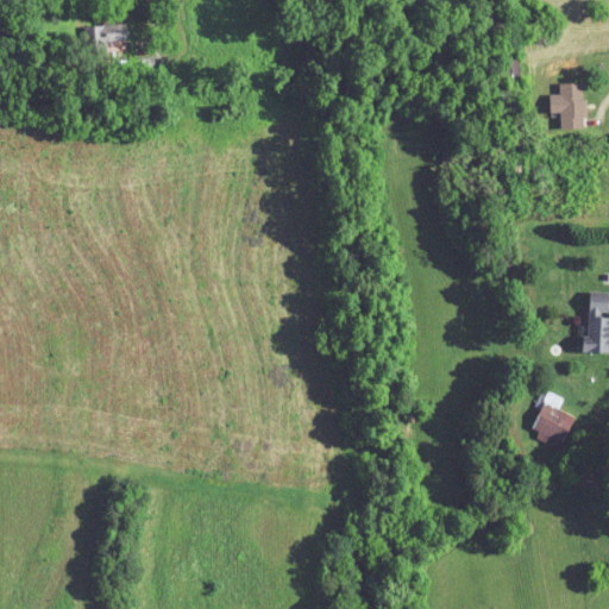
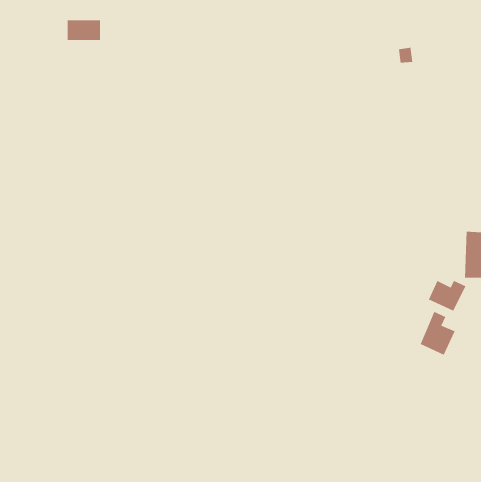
building: [550,83,585,128] -> none
building: none -> [428,280,466,311]

